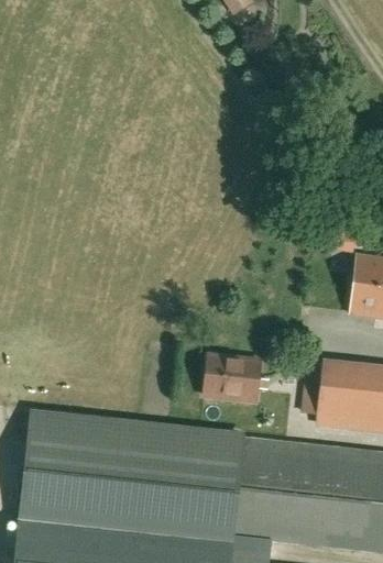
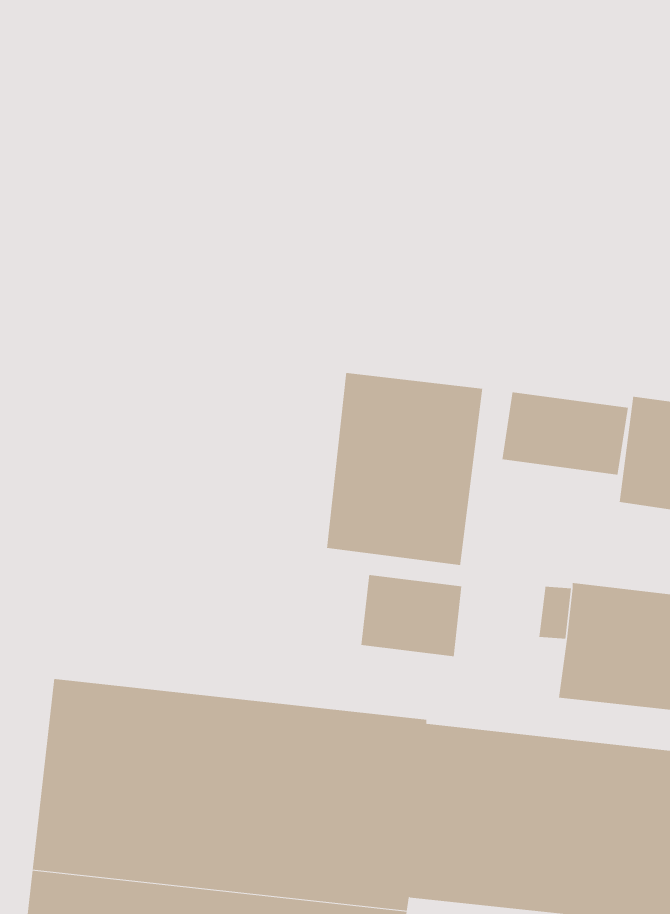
building: none -> [327,372,483,566]
building: none -> [502,392,628,475]

